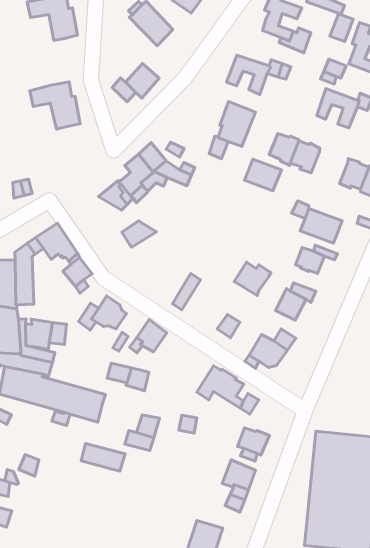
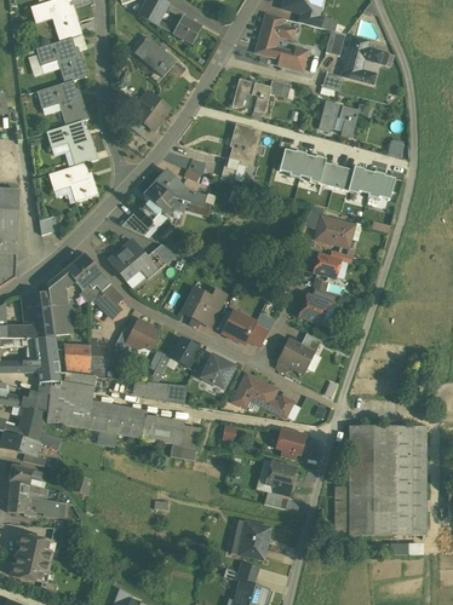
building: none -> [36,80,87,125]
building: none -> [48,162,98,201]
building: [244,159,281,191] -> [320,162,354,190]
building: none -> [108,240,155,280]
building: [234,262,271,295] -> [222,313,256,344]
building: none -> [182,292,212,322]
building: none -> [202,356,233,387]
building: [81,443,125,471] -> [142,421,183,444]

